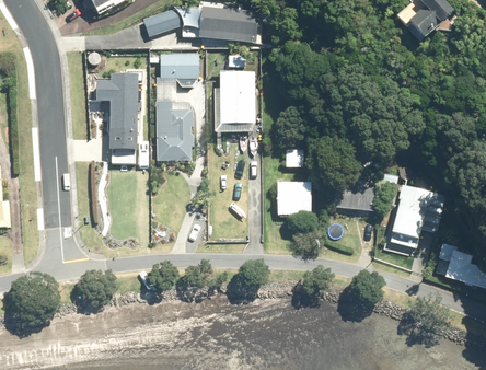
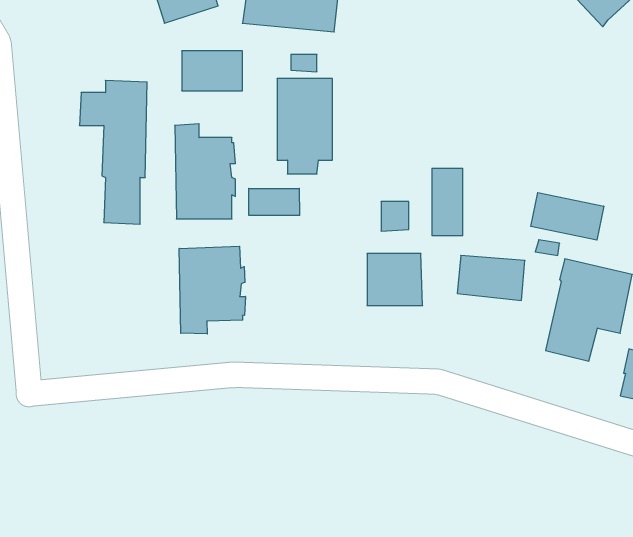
building: none -> [432,168,463,236]
building: none -> [249,188,300,215]
building: none -> [531,193,604,240]
building: none -> [179,246,245,334]

